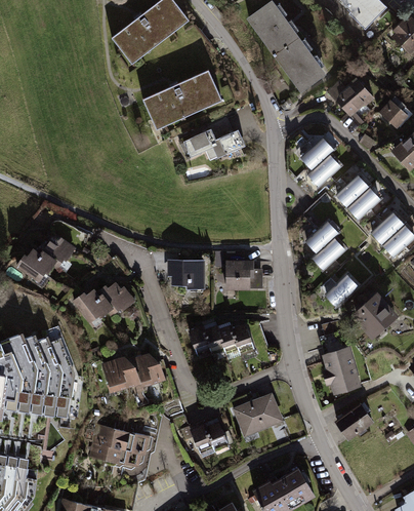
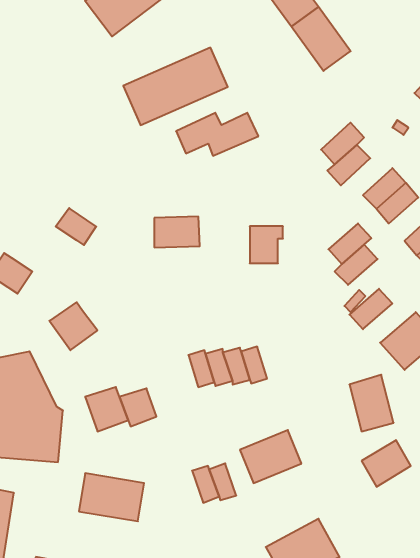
building: [330,73,374,118] -> none
building: [41,233,75,264] -> [56,208,96,245]
building: [226,260,254,290] -> [250,226,283,263]
building: [167,261,205,286] -> [154,217,200,247]
building: [100,279,134,313] -> none

